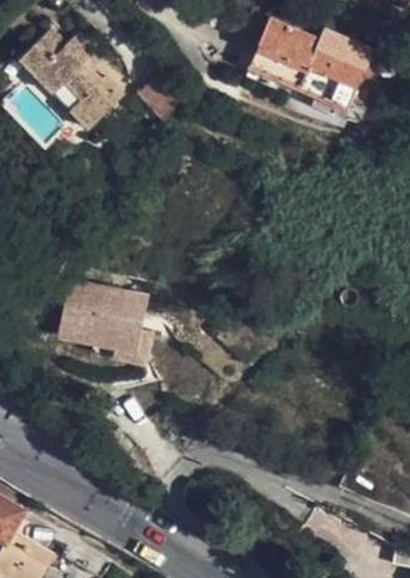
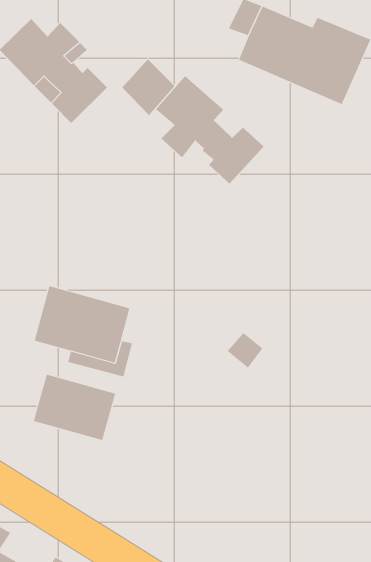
building: none -> [155,75,264,185]
building: none -> [33,374,116,441]

